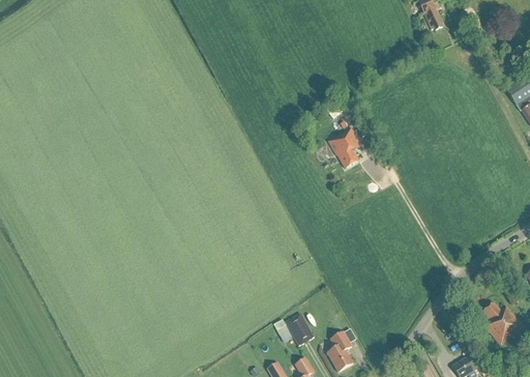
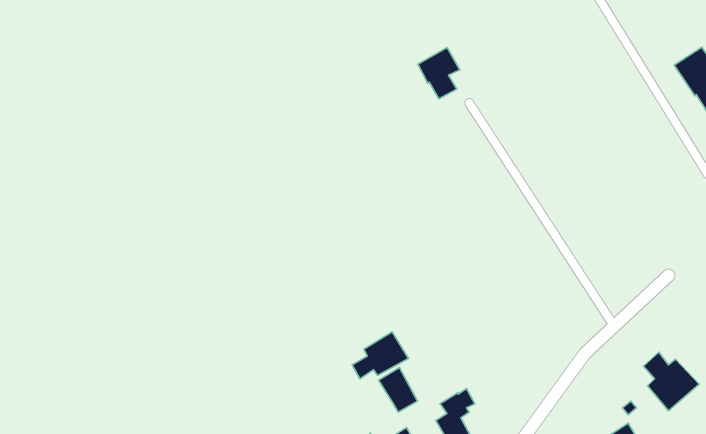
building: [329,128,360,167] -> [418,47,460,99]
building: none -> [352,332,408,379]

